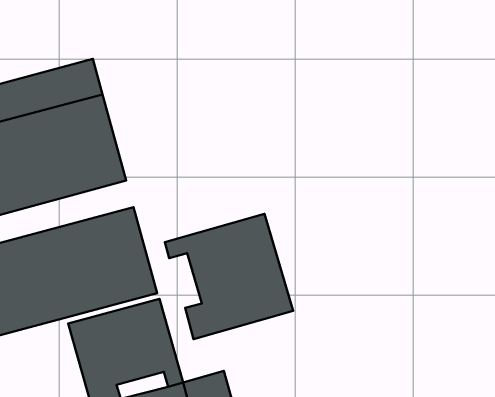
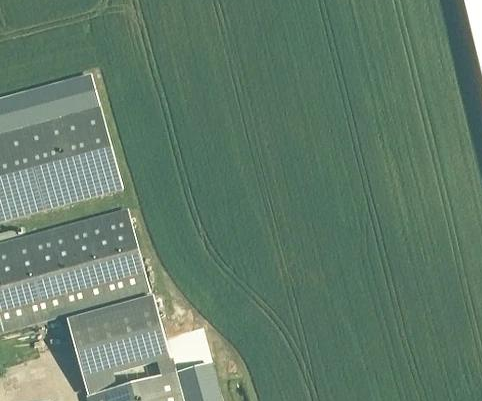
building: [165,214,293,339] -> none

